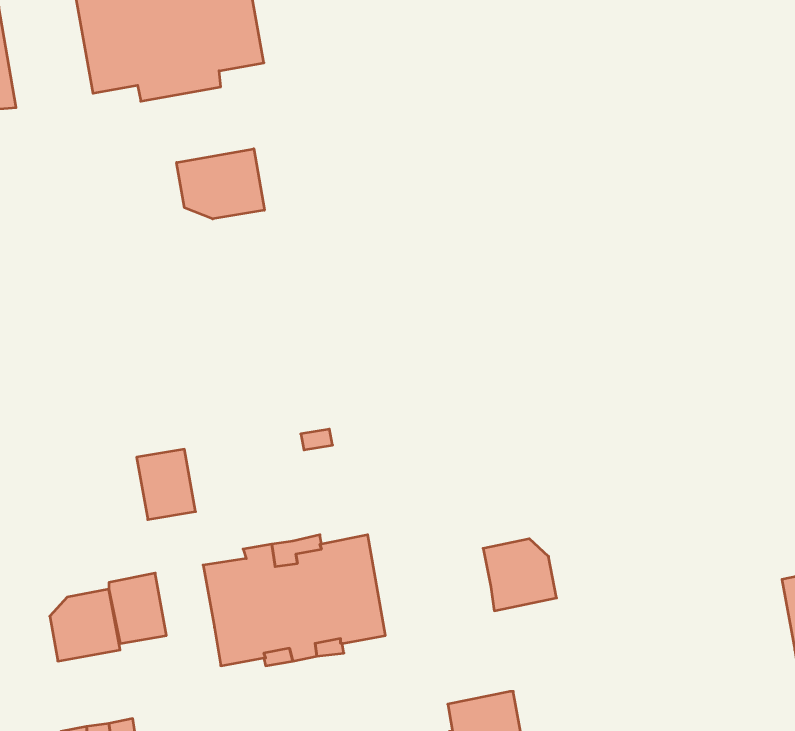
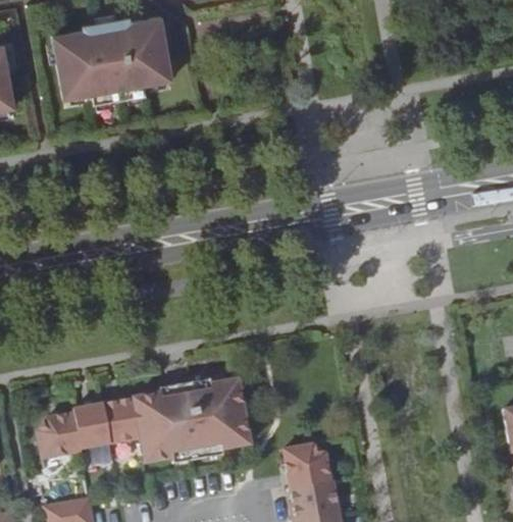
building: [177,149,264,219] -> none
building: [137,449,196,520] -> [103,399,141,443]
building: [483,539,557,611] -> [283,441,329,487]

